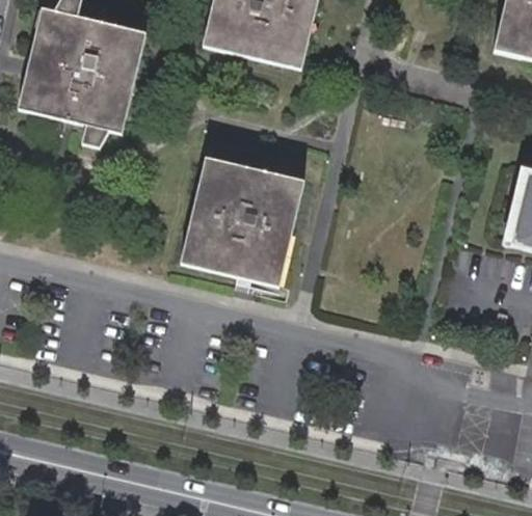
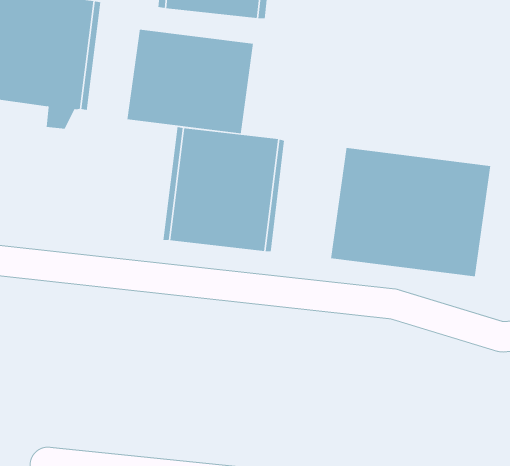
building: none -> [127,29,254,134]
building: none -> [330,147,491,277]

